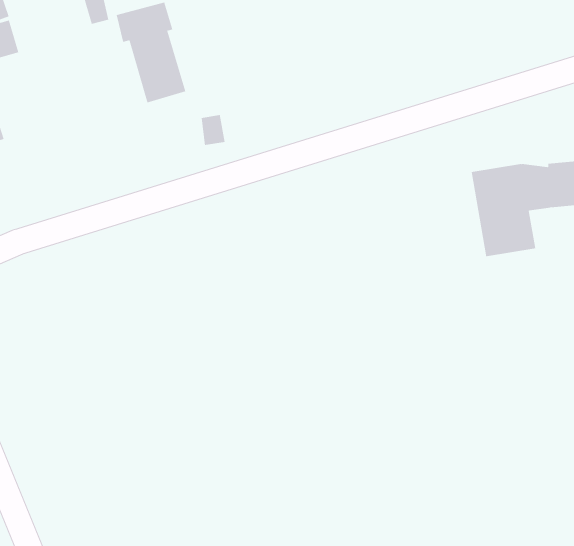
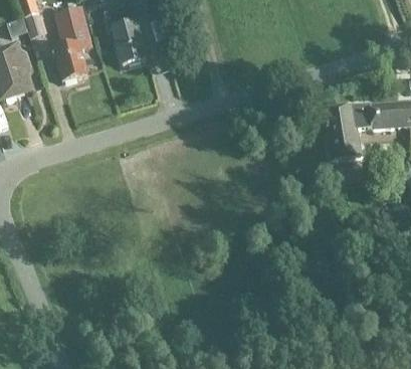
building: none -> [53,7,91,81]

